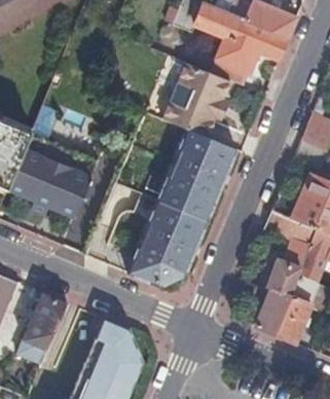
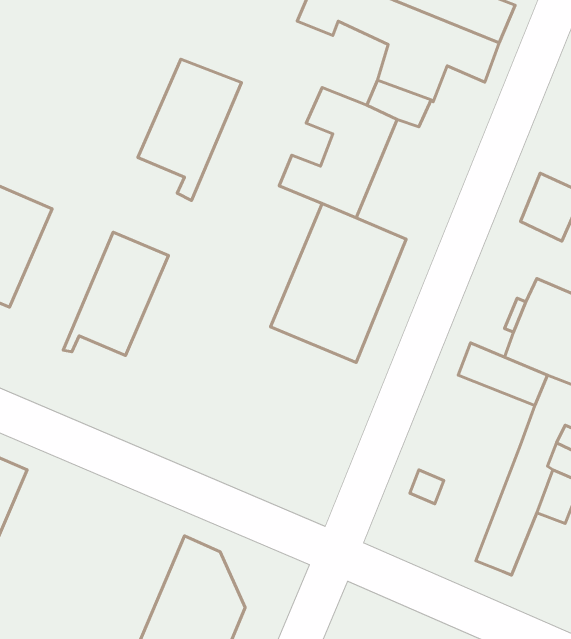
building: [6,133,66,214] -> [138,59,242,200]
building: [125,201,206,285] -> none
building: [255,260,300,335] -> none
building: [23,293,66,350] -> none

